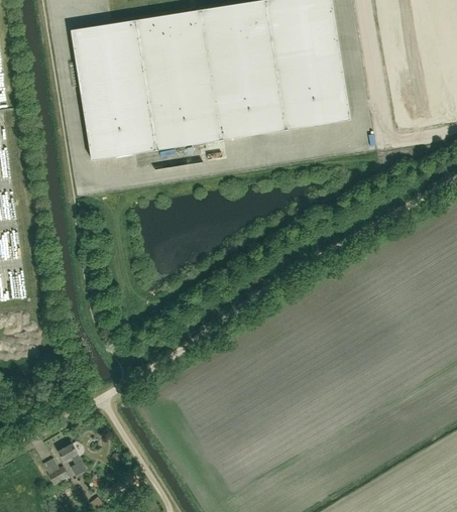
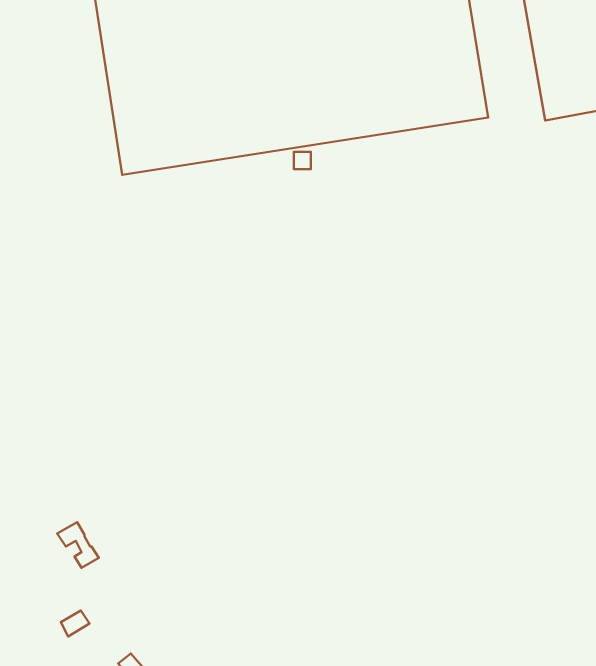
building: [59,443,88,476] -> [57,522,99,568]

